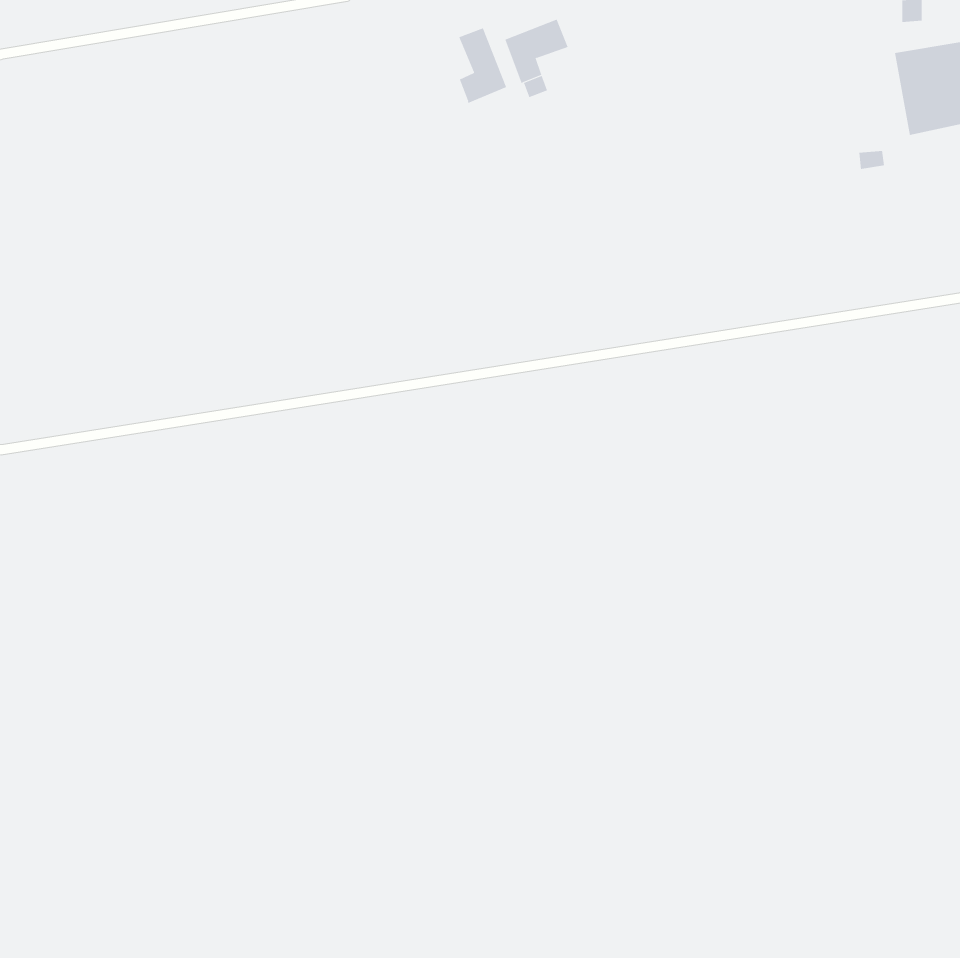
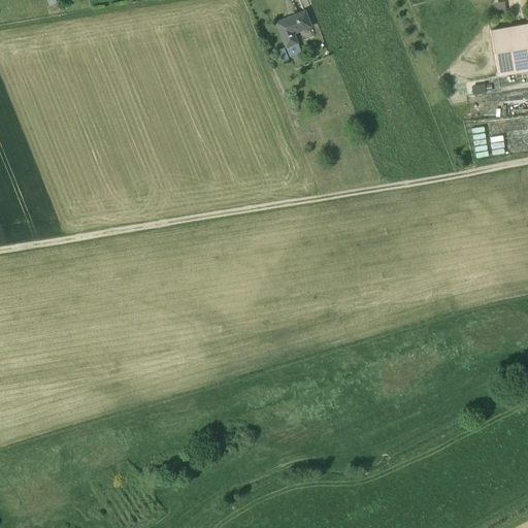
building: [458,27,507,104] -> none

